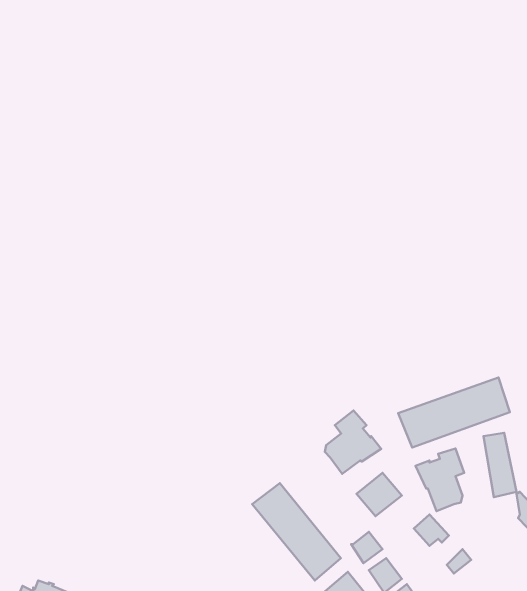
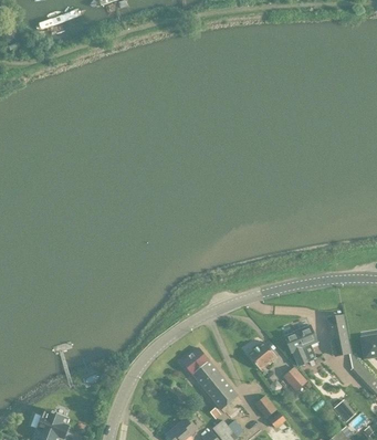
building: [398,377,510,448] -> none
building: [325,410,381,474] -> none

